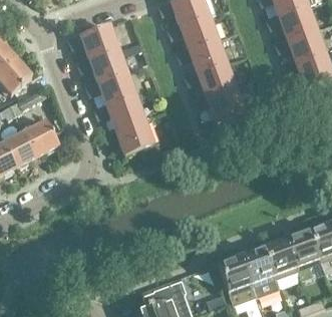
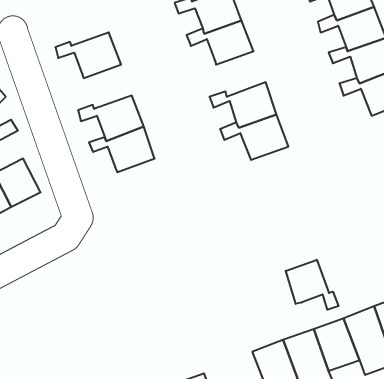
building: [176,39,227,73] -> none
building: [77,49,126,82] -> none
building: [102,119,152,153] -> none
building: none -> [286,260,339,310]

